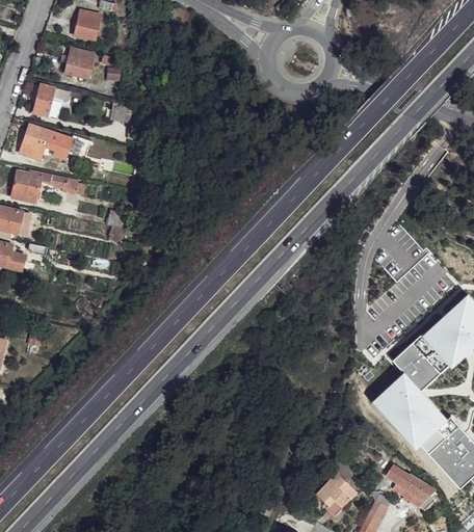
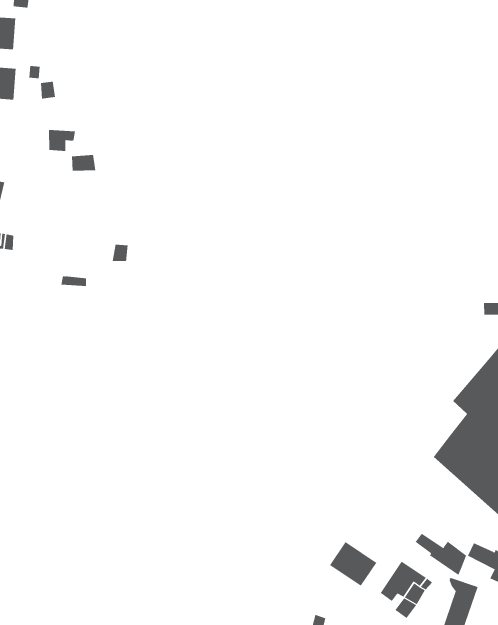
building: none -> [329,541,377,587]
building: none -> [415,533,467,576]

